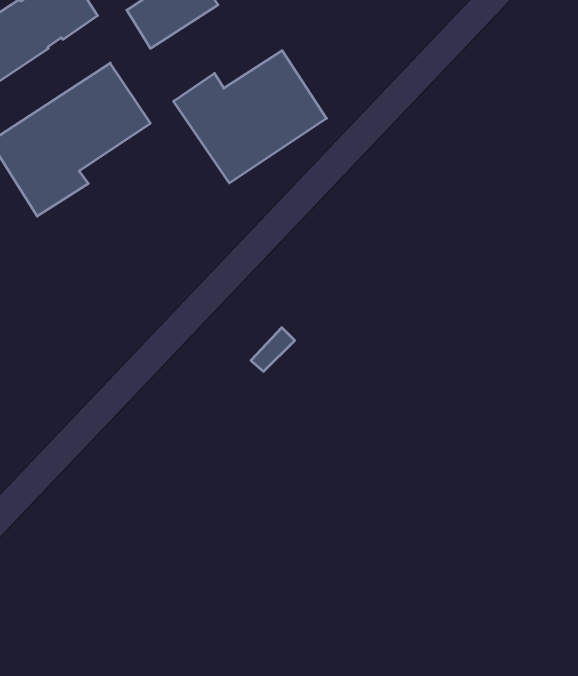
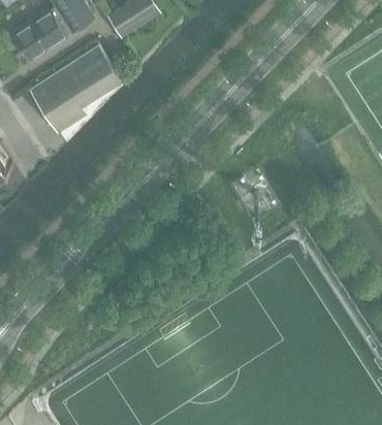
building: [174,51,327,183] -> none

